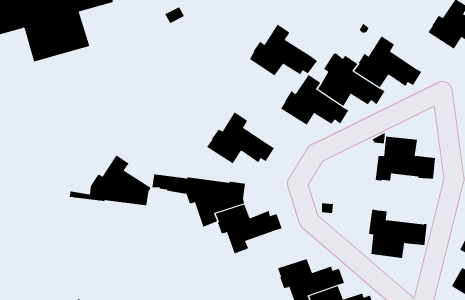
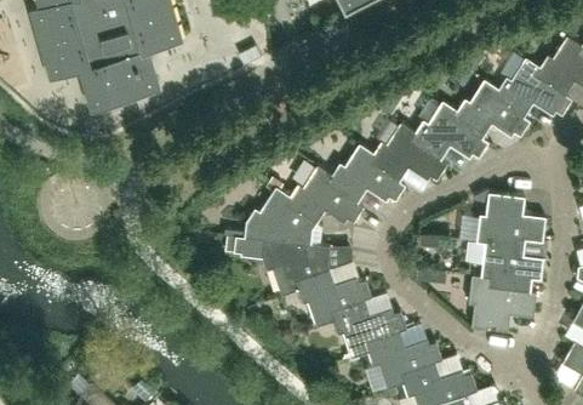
building: none -> [495,61,572,119]
building: [249,24,318,76] -> [328,146,406,205]
building: [69,154,151,206] -> [223,189,316,247]
building: none -> [471,238,543,295]
building: none -> [331,302,407,360]

